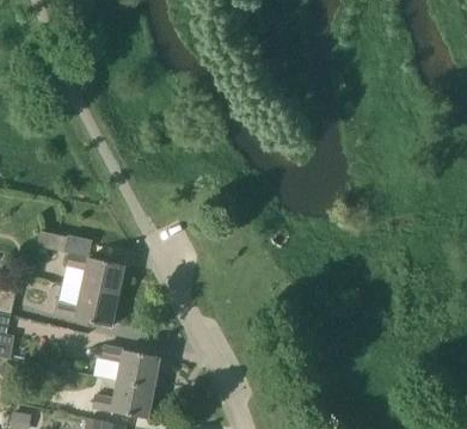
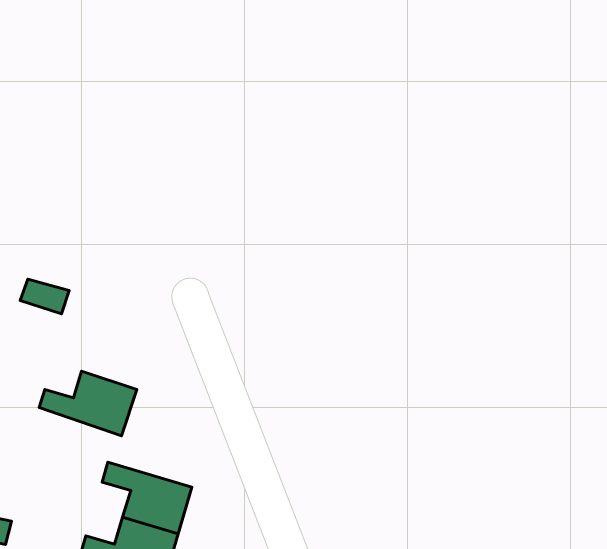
building: [67,253,125,296] -> none

